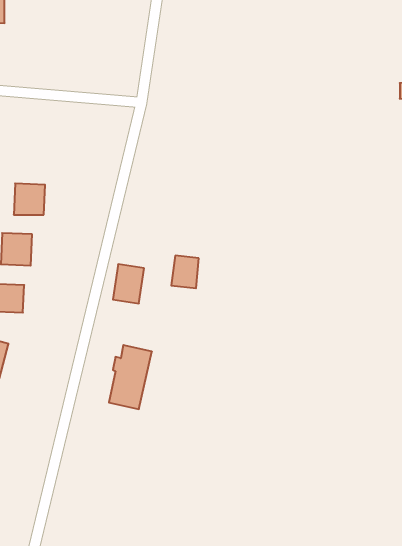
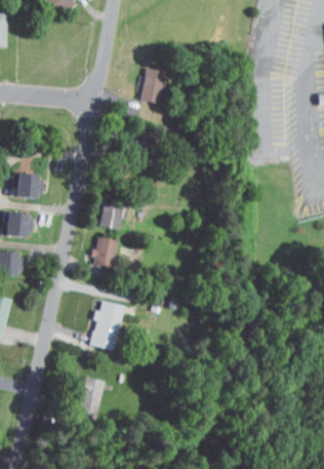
building: none -> [140,67,171,104]
building: [171,256,199,288] -> [102,202,123,228]
building: none -> [77,377,106,420]

